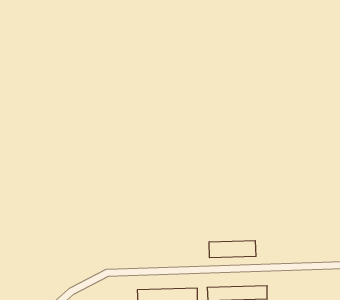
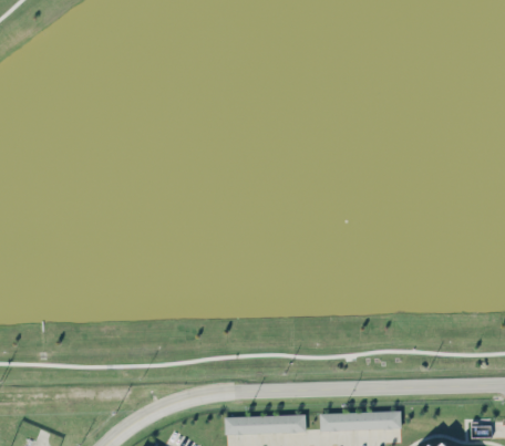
building: [209,241,256,258] -> none

